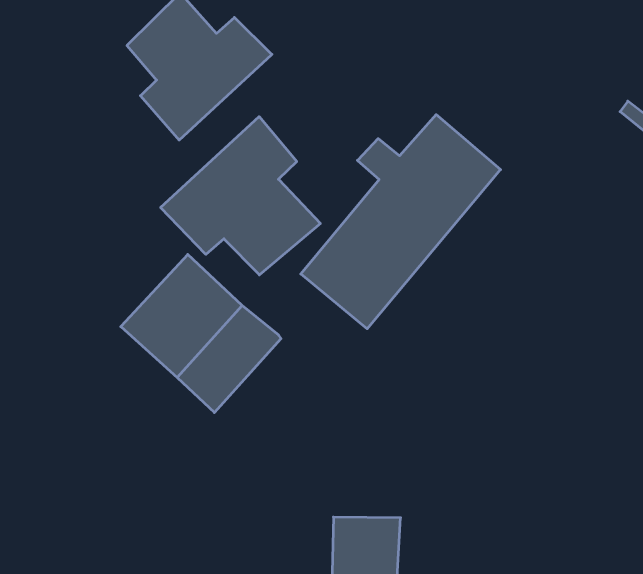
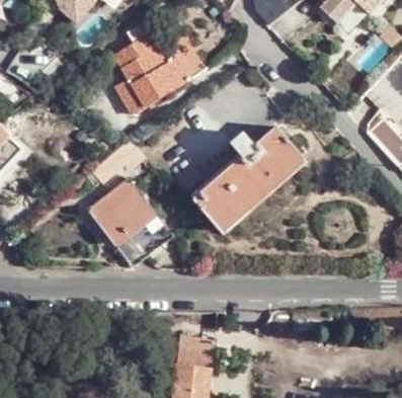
building: [161,117,320,275] -> none

